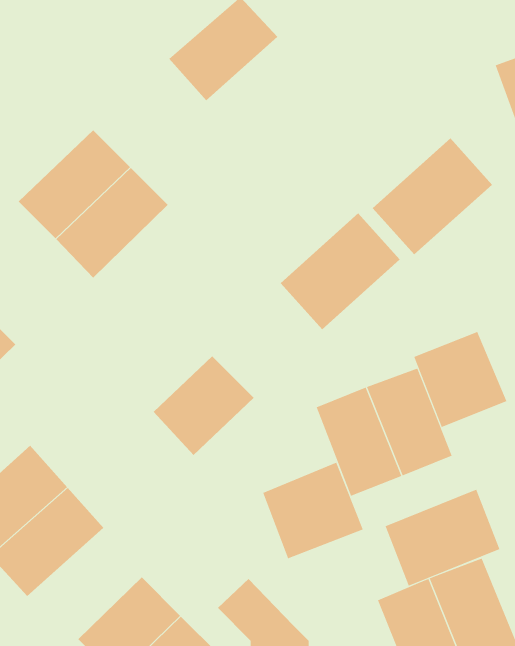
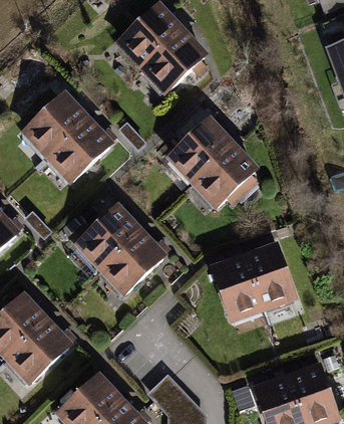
building: none -> [139,28,207,93]
building: [372,138,493,255] -> [159,111,237,186]
building: none -> [79,204,143,268]
building: [414,331,507,428] -> none
building: [263,462,363,559] -> none
building: [385,489,500,586] -> none

